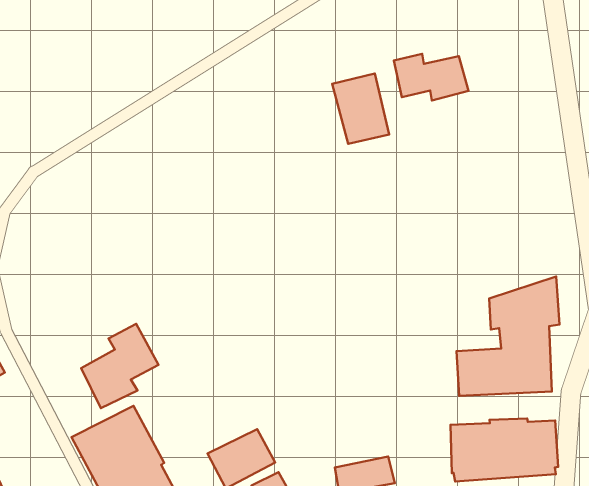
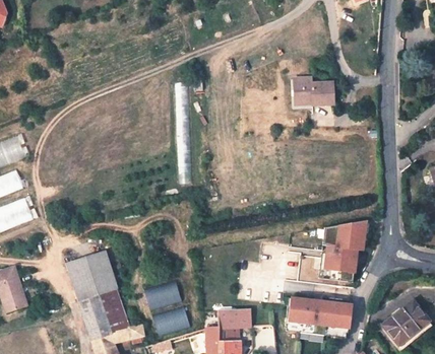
building: [332,74,389,144] -> none
building: [81,324,159,408] -> none

